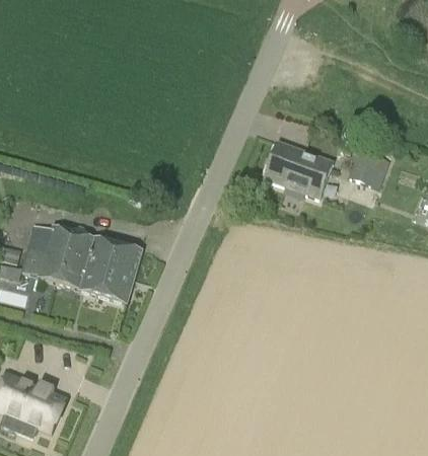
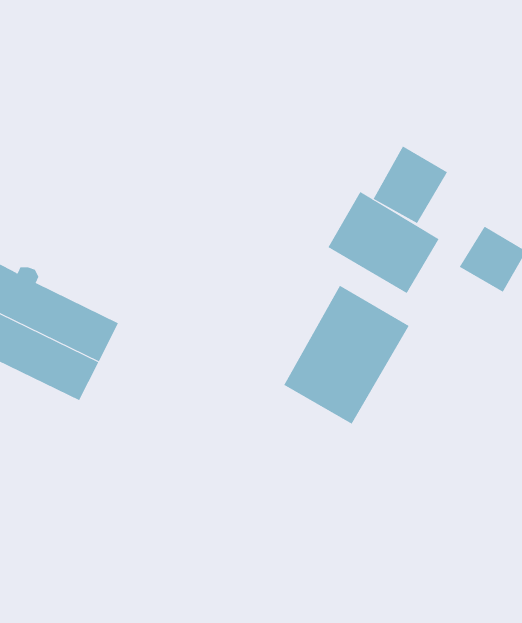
building: none -> [373,146,448,224]
building: none -> [284,285,409,424]

